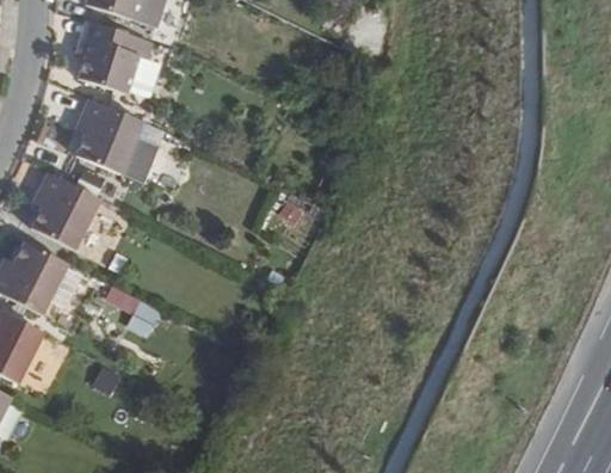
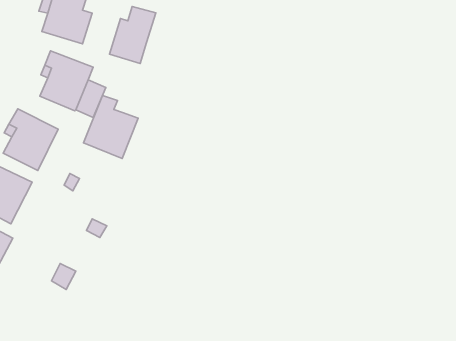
building: none -> [110,7,156,64]
building: none -> [83,95,138,159]

